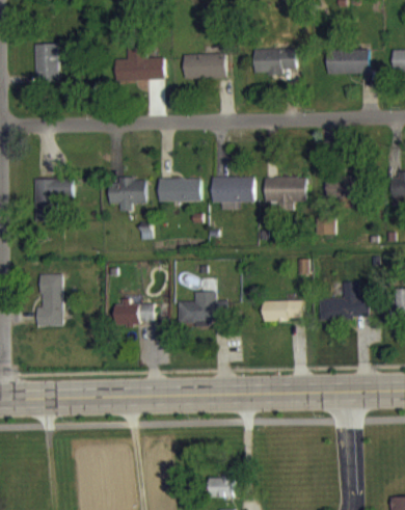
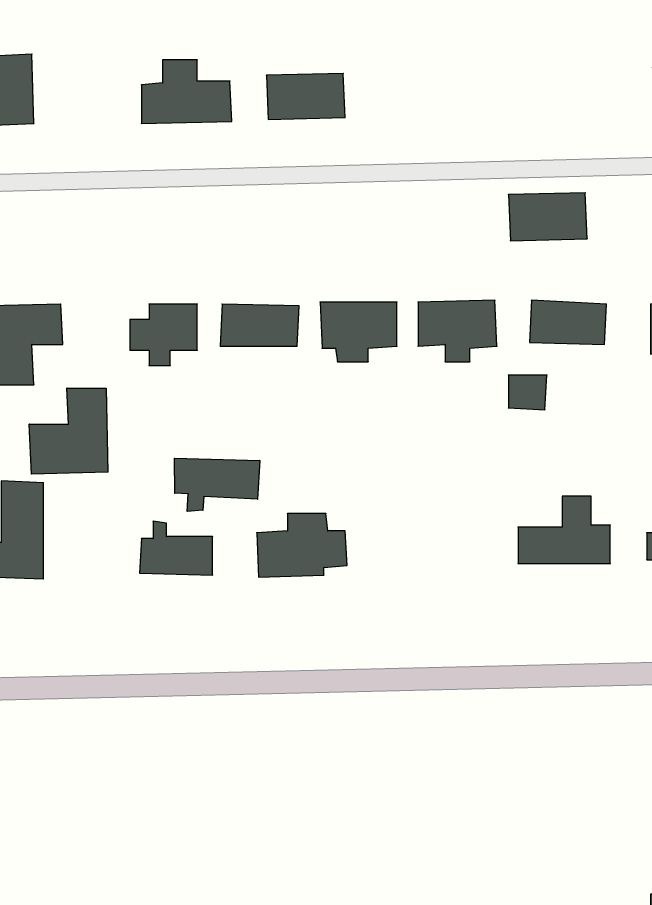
building: [253,48,295,77] -> none
building: [326,48,369,74] -> [508,193,587,241]
building: none -> [29,388,108,474]
building: none -> [174,458,260,511]
building: [264,300,302,320] -> none
building: [210,476,234,496] -> none

